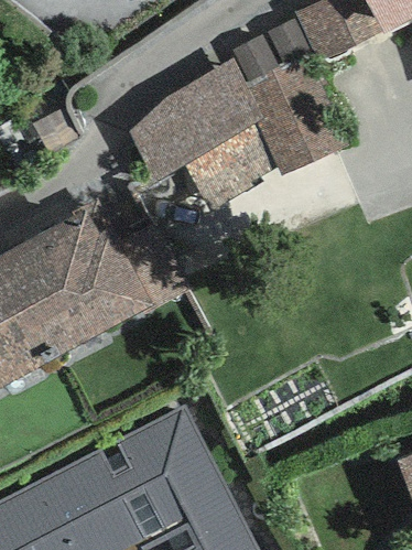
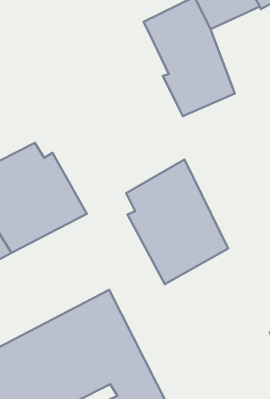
building: [126,58,275,211] -> none
building: none -> [126,160,228,284]

